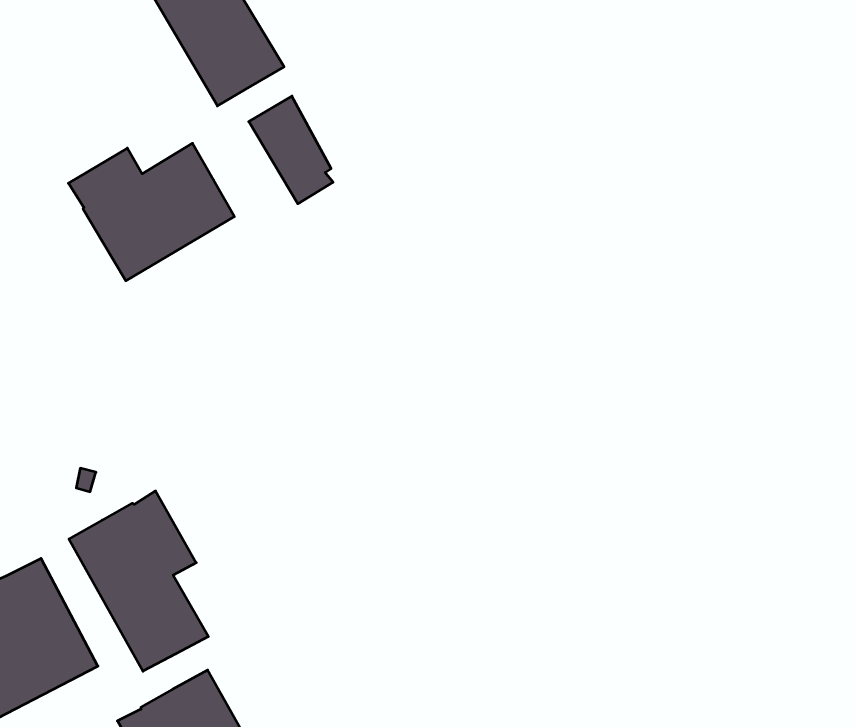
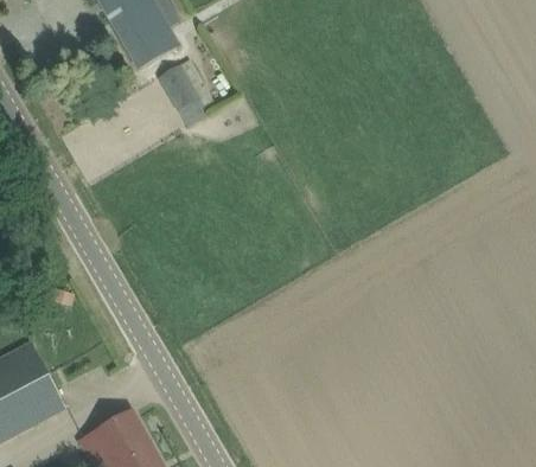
building: [68,143,234,281] -> none
building: [69,491,208,671] -> none

